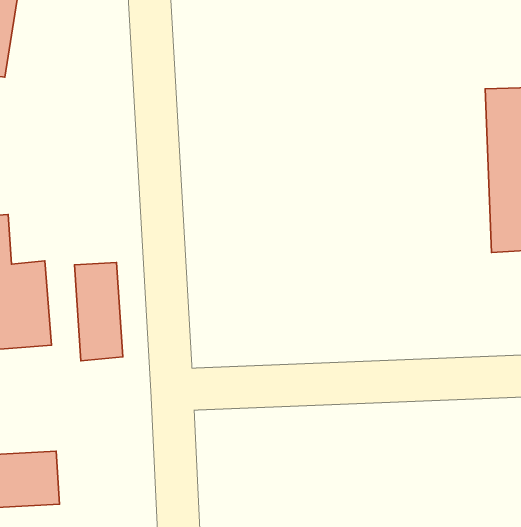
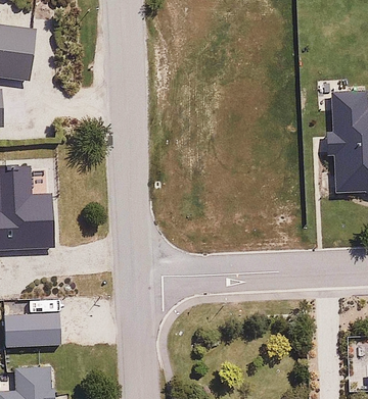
building: [74,262,123,361] -> none

